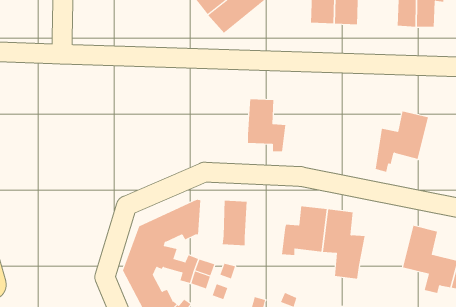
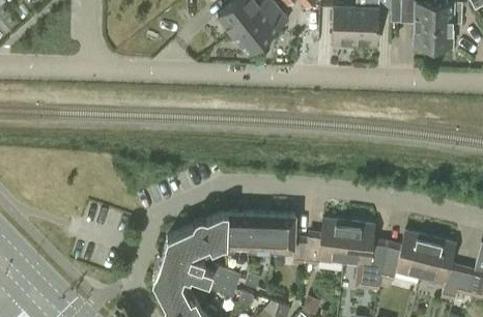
building: [247,99,286,152] -> [269,214,307,265]
building: [375,111,429,173] -> [378,231,430,290]
building: none -> [225,213,249,255]

